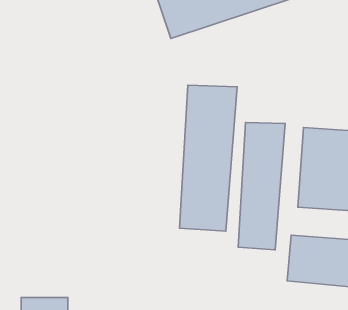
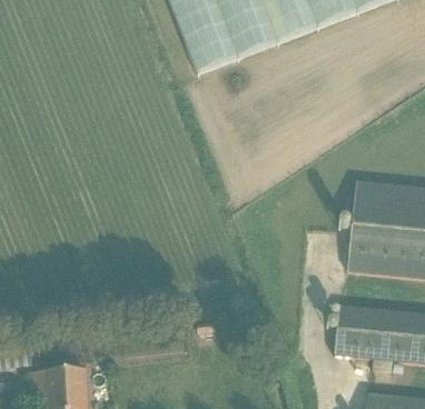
building: [179,85,237,231] -> none
building: [238,122,285,250] -> none

